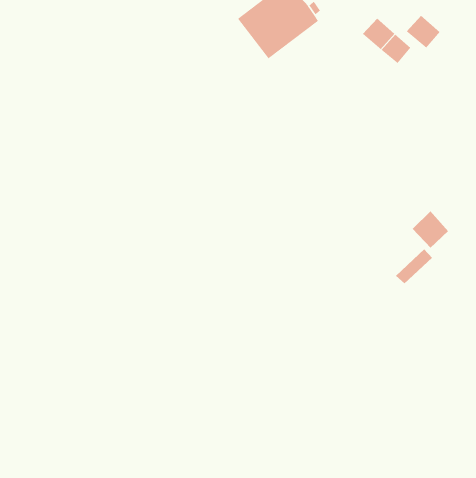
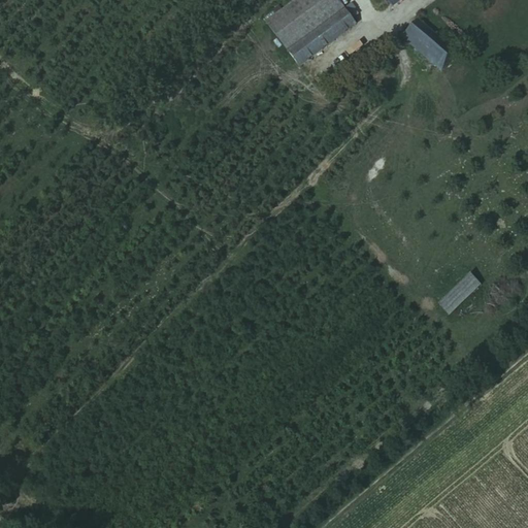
building: [406,15,441,49] -> none
building: [412,211,449,248] -> none

